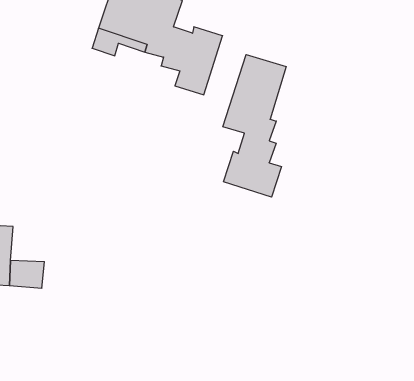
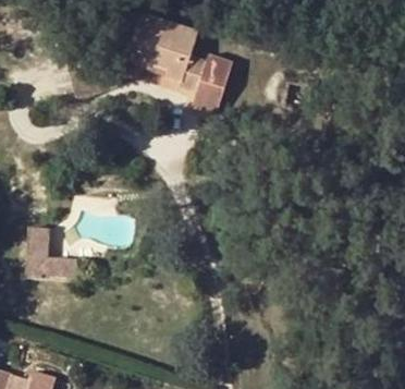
building: [223,55,286,197] -> none

